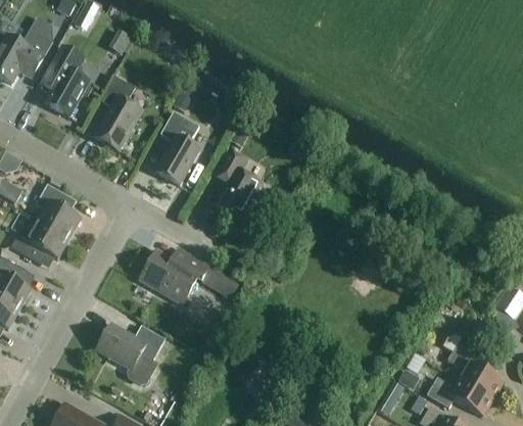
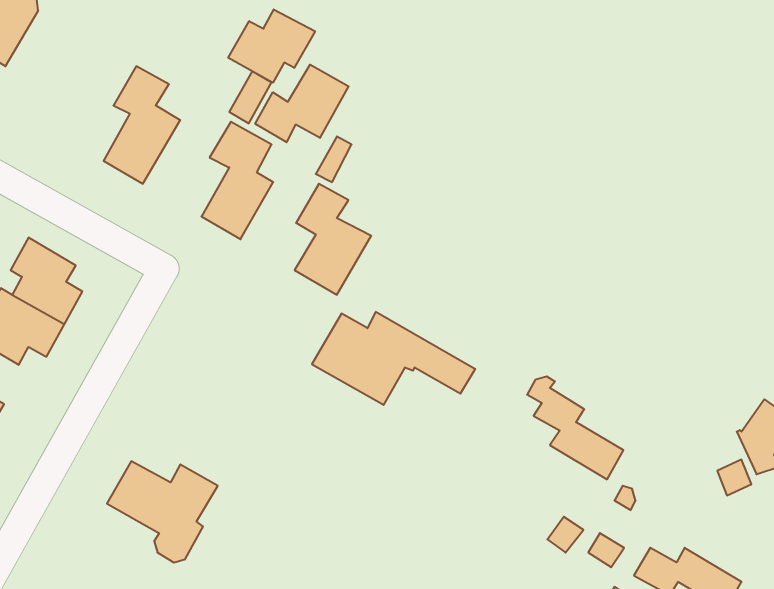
building: none -> [228,9,315,83]
building: [40,46,94,116] -> none
building: none -> [255,65,349,142]
building: [138,247,240,305] -> [312,312,475,405]
building: [443,335,504,399] -> [527,377,623,479]

